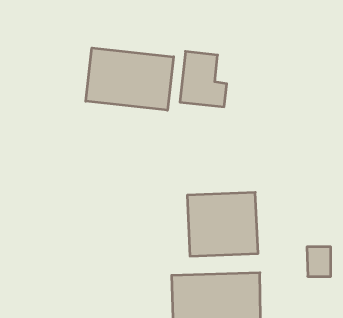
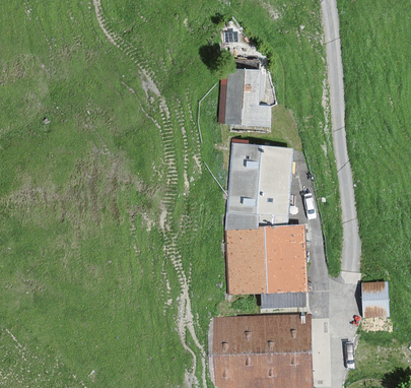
building: [86,48,174,110] -> none
building: none -> [227,146,303,222]

